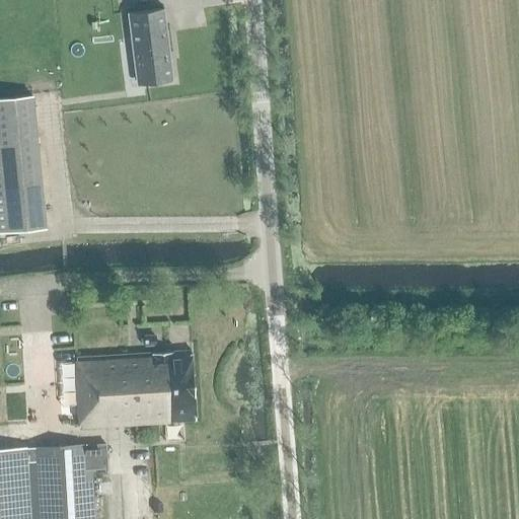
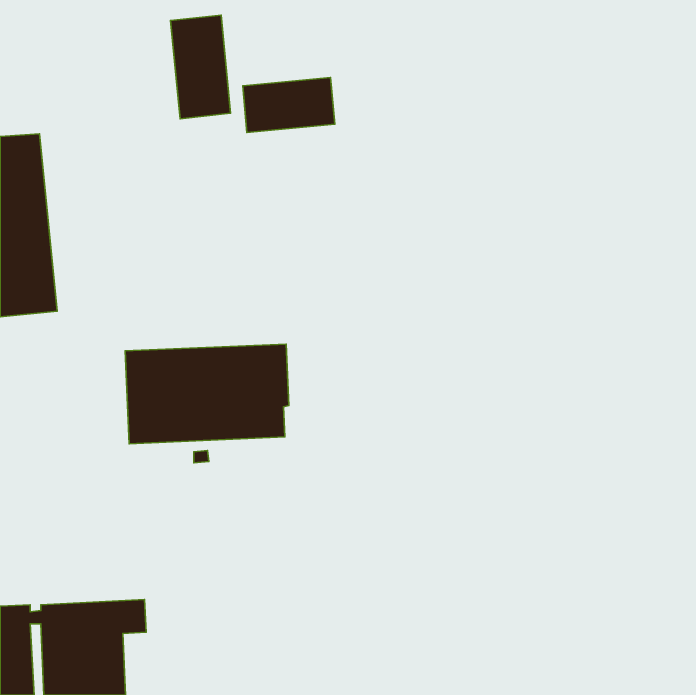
building: none -> [243,77,335,133]
building: [71,350,193,424] -> [125,344,289,444]

